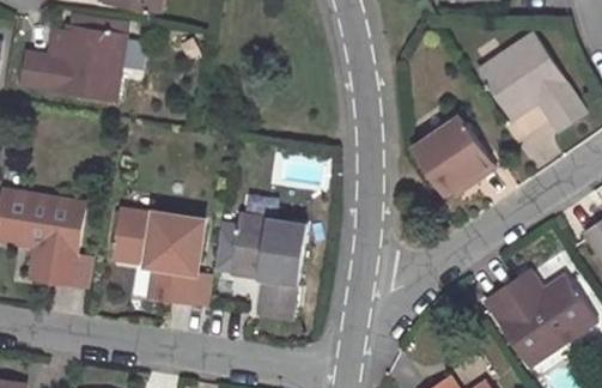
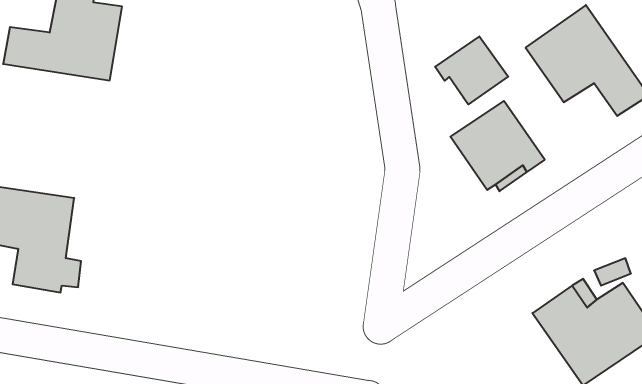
building: none -> [435,36,508,104]
building: [114,207,208,302] -> none
building: [232,212,304,316] -> none

